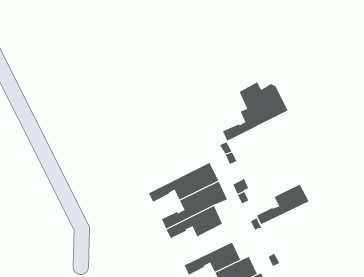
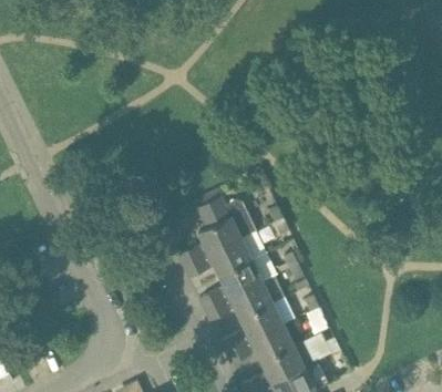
building: [222,82,288,142] -> [177,196,256,267]
building: [256,184,309,225] -> [219,303,282,352]

